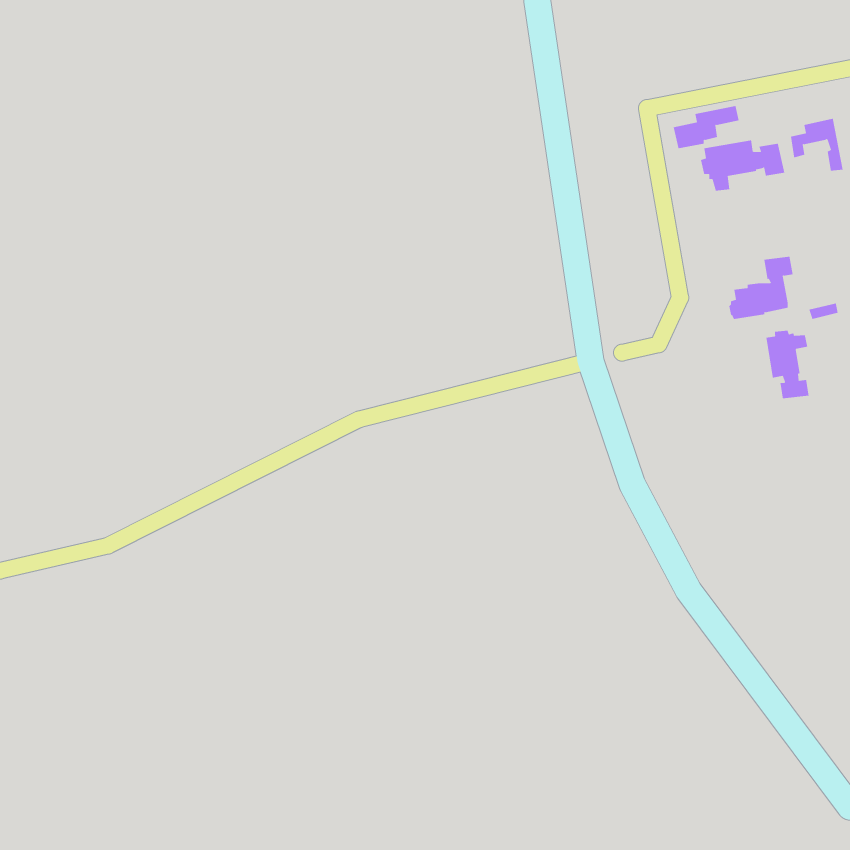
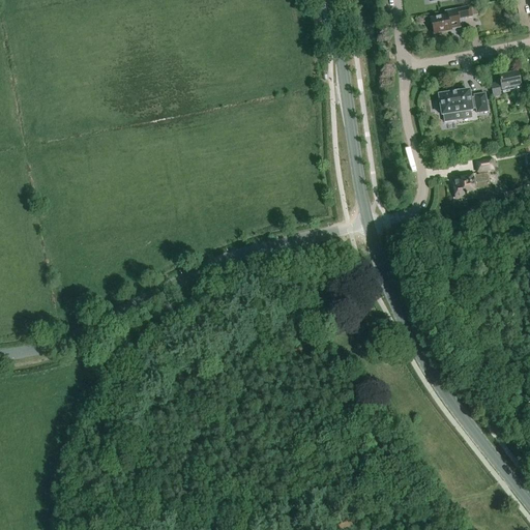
building: [673,105,739,149] -> [432,7,473,34]
building: [766,330,809,399] -> none

